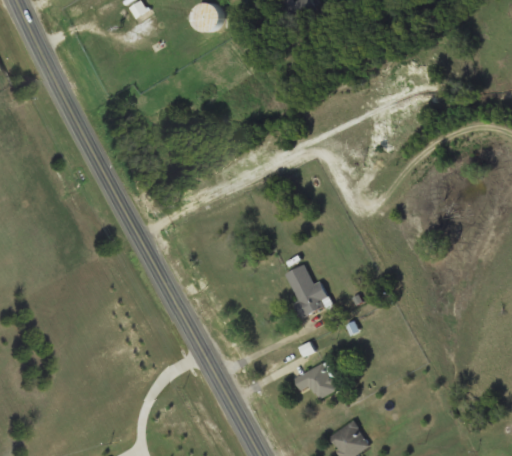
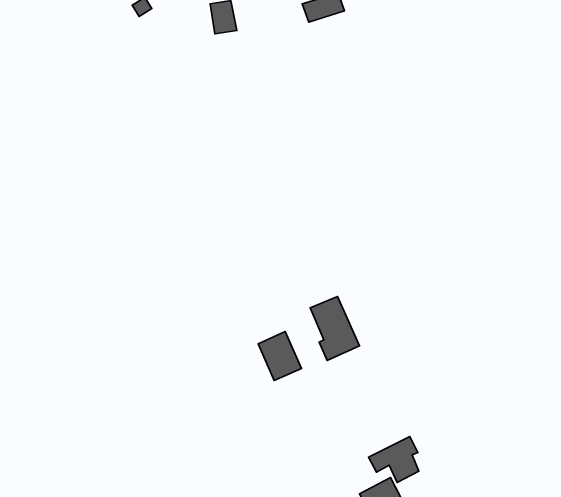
building: none -> [258,332,301,380]
building: [293,360,337,400] -> [368,437,419,482]

